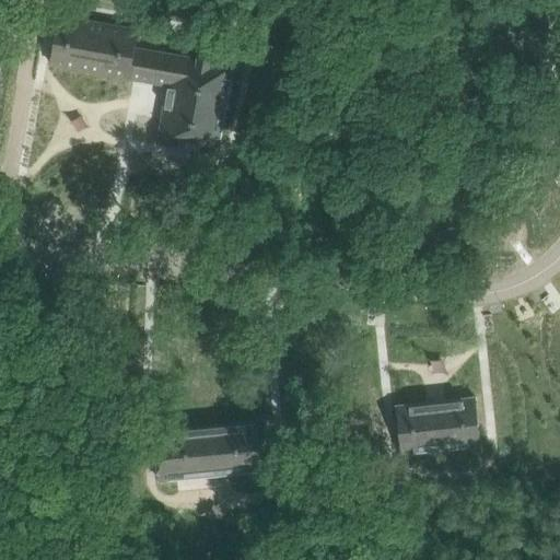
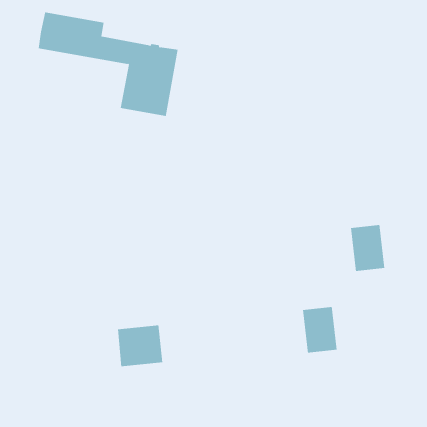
building: [434,397,480,458] -> [350,225,385,272]
building: [208,420,269,475] -> none

